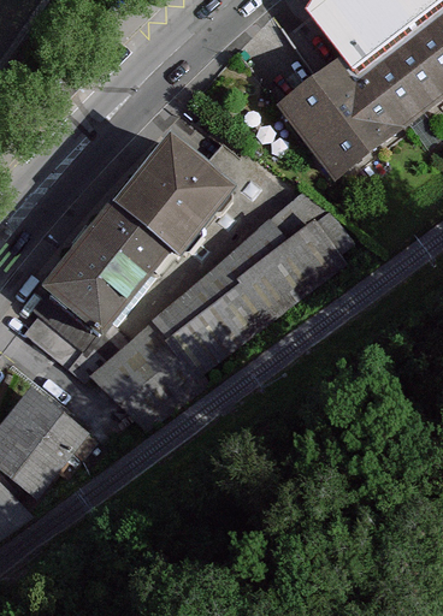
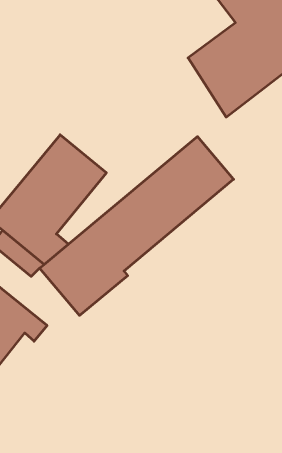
building: [117,125,244,253] -> none

